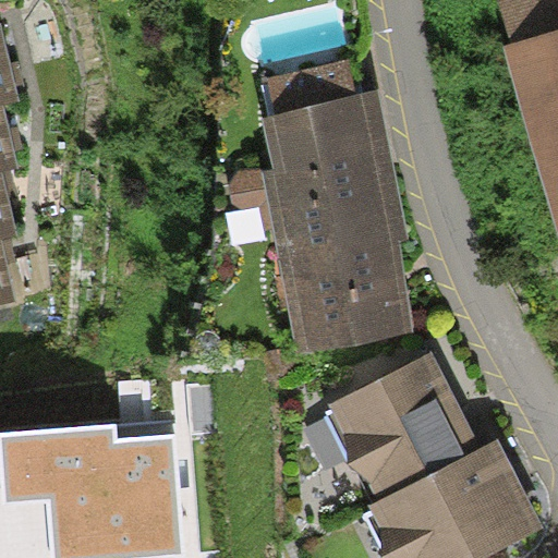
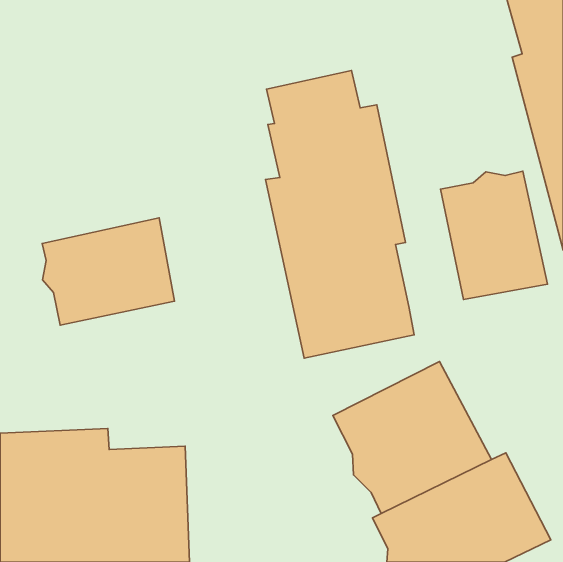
building: none -> [440,171,547,300]
building: none -> [42,218,175,325]

